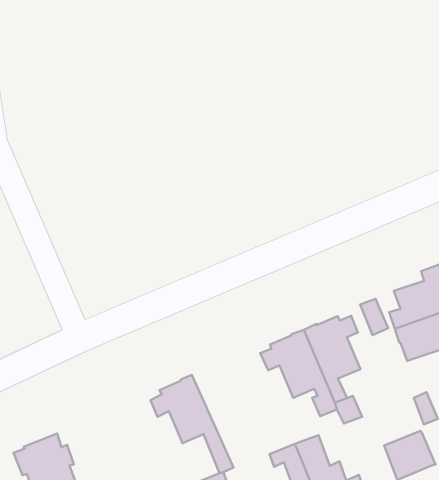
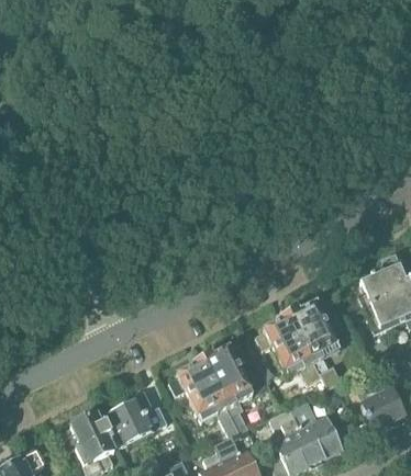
building: none -> [202,344,254,431]
building: none -> [109,390,168,445]

